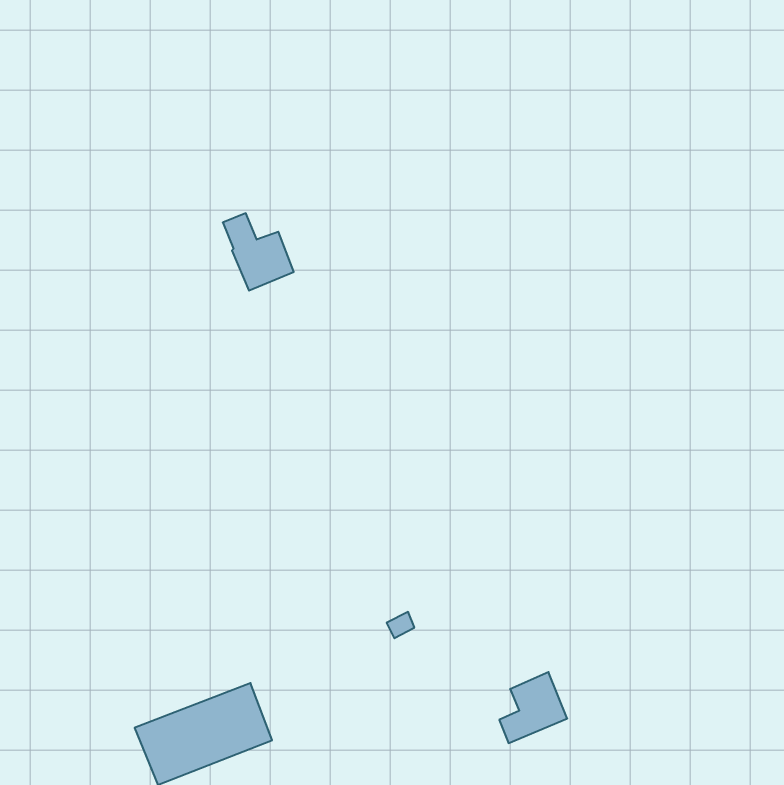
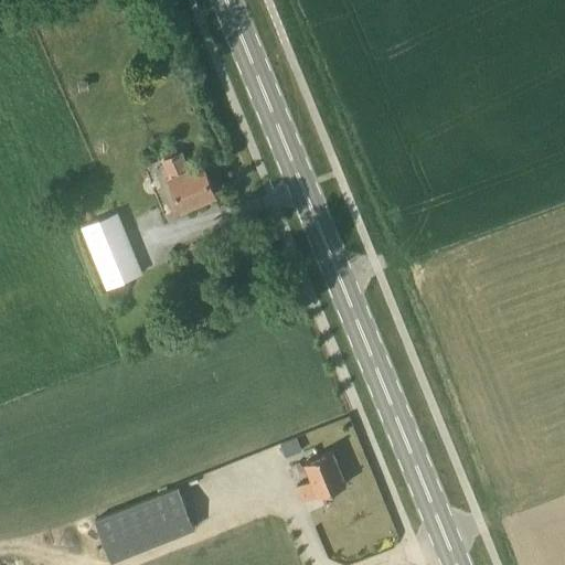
building: none -> [86,213,142,287]
building: [499,672,567,743] -> [292,454,341,504]

